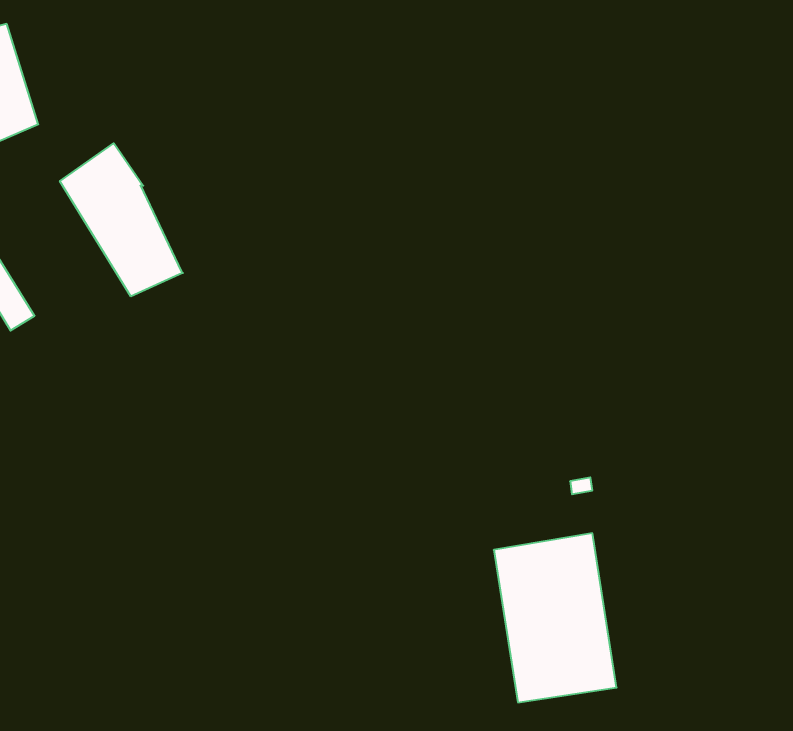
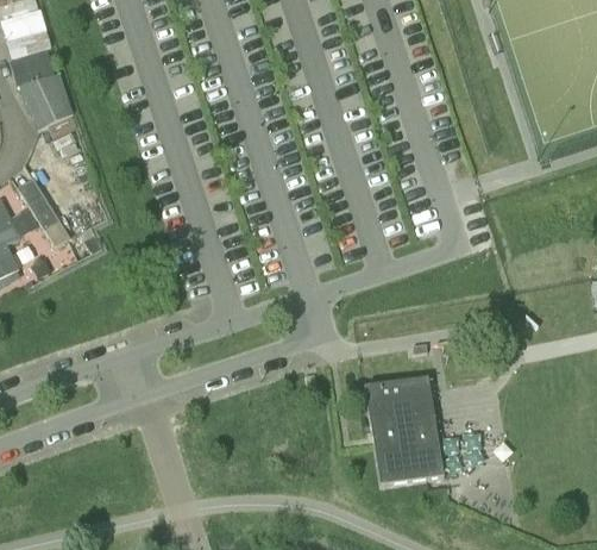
building: [60,143,183,296] -> none

